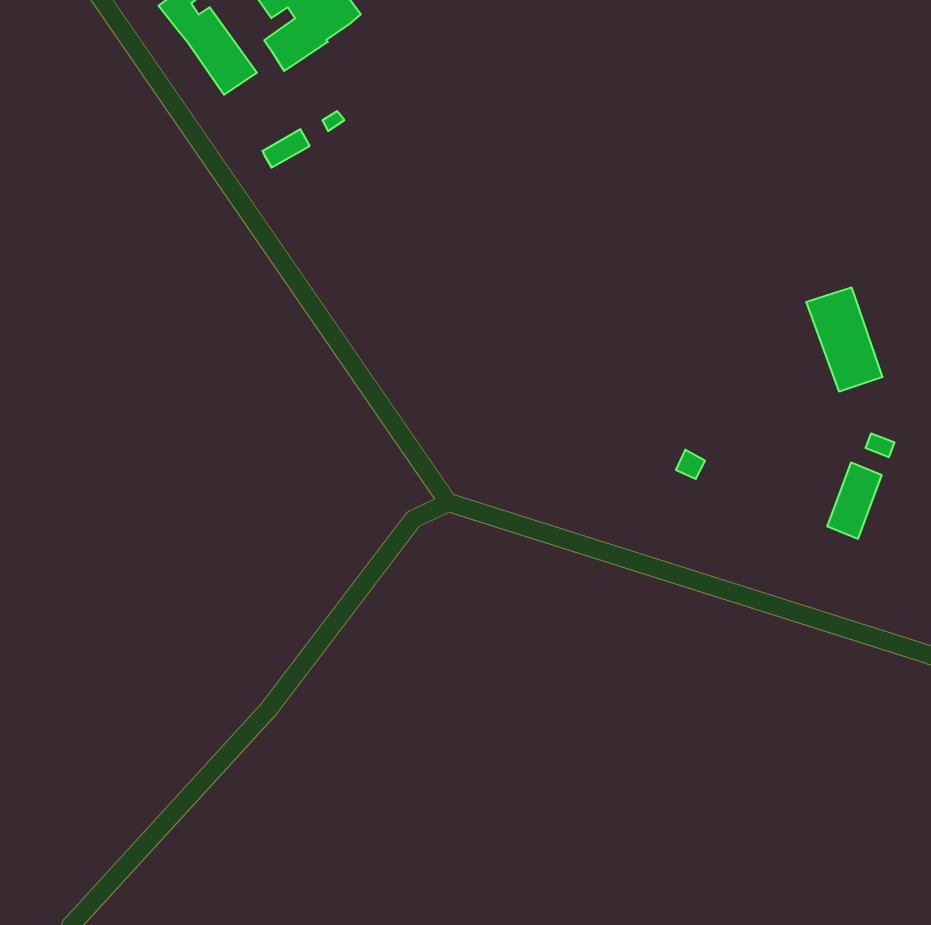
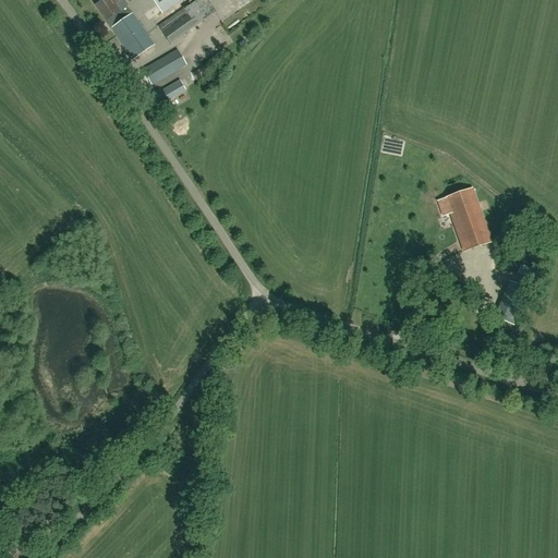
building: none -> [144,48,186,83]
building: [806,288,883,391] -> [445,186,490,248]

